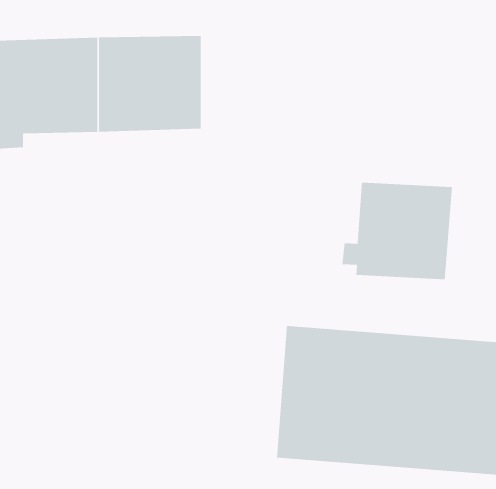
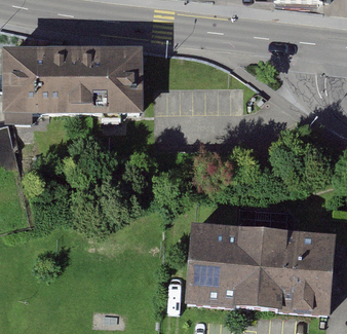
building: [342,182,452,280] -> none

